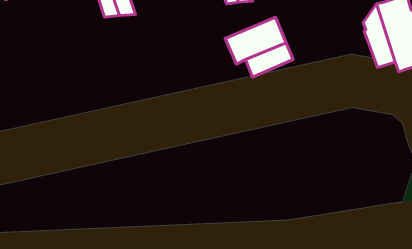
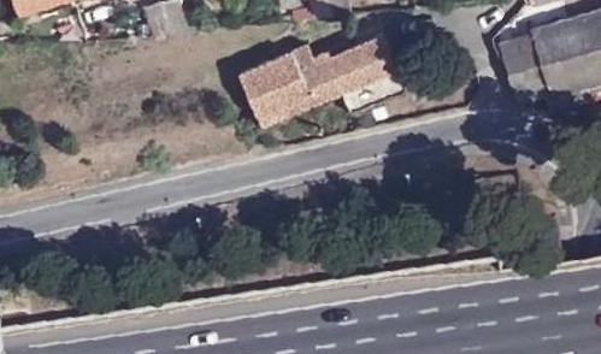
building: none -> [242,48,331,129]

